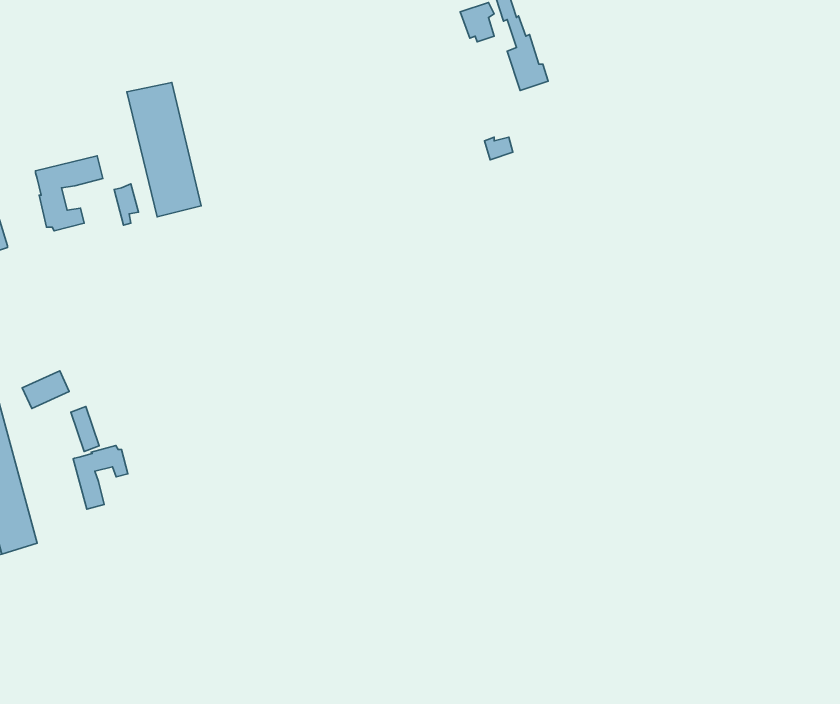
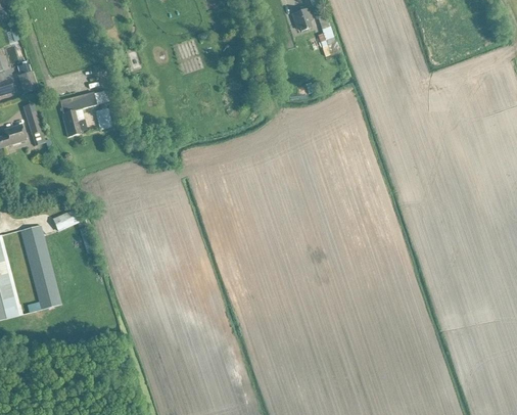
building: [127,82,201,217] -> none
building: [73,445,128,509] -> none

